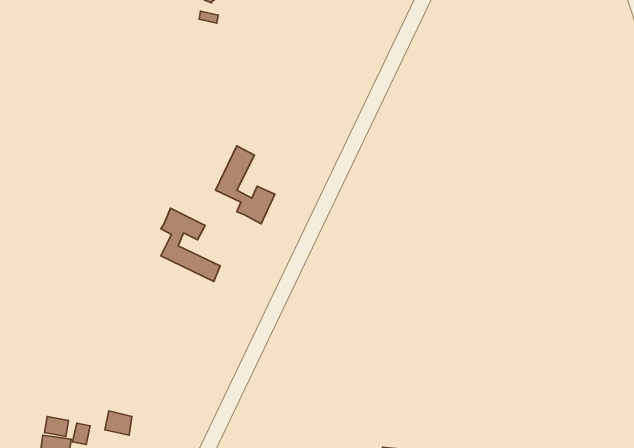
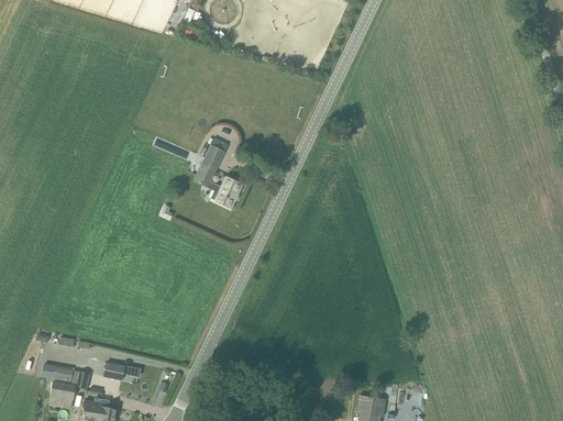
building: [161,208,220,281] -> none

